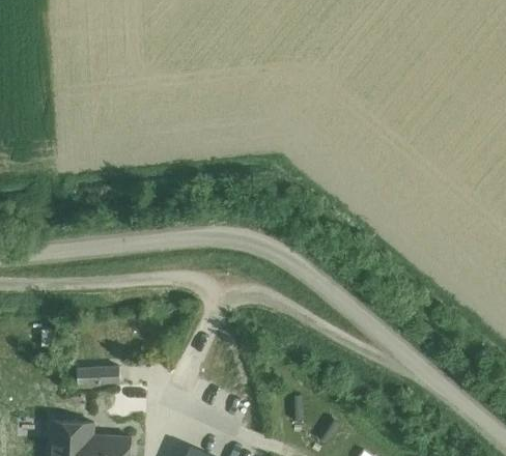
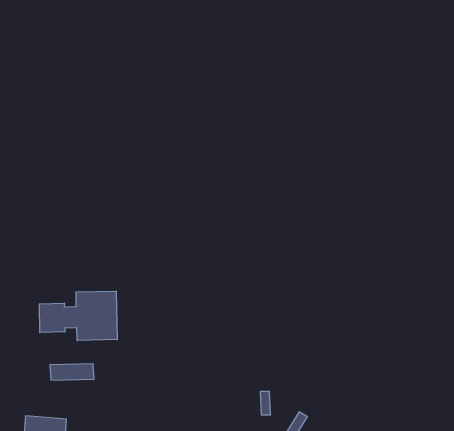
building: none -> [39,291,117,341]

